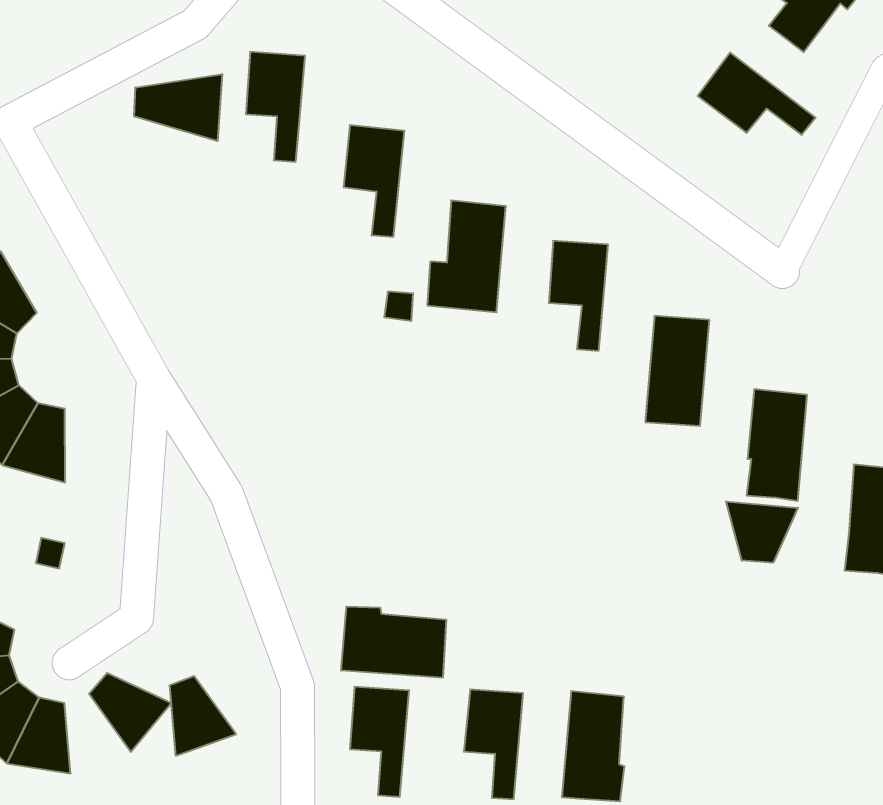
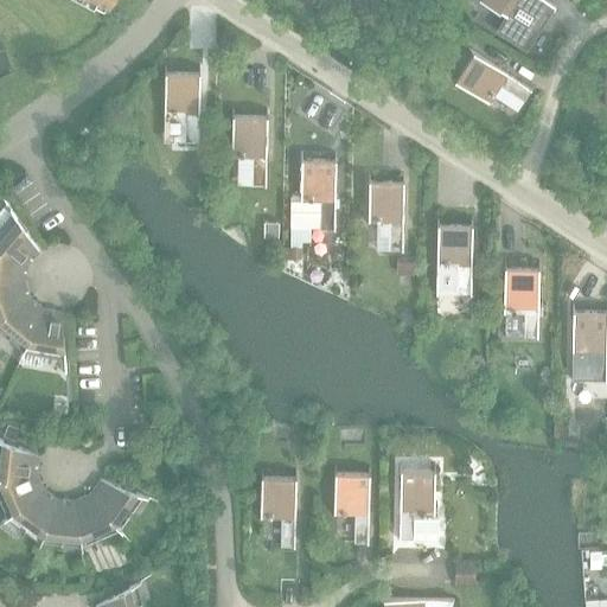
building: [134,74,222,141] -> none
building: [726,501,798,563] -> none
building: [341,607,446,678] -> none
building: [170,676,236,756] -> [74,493,119,545]

